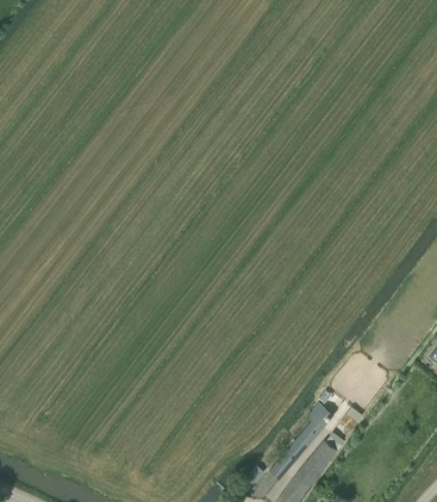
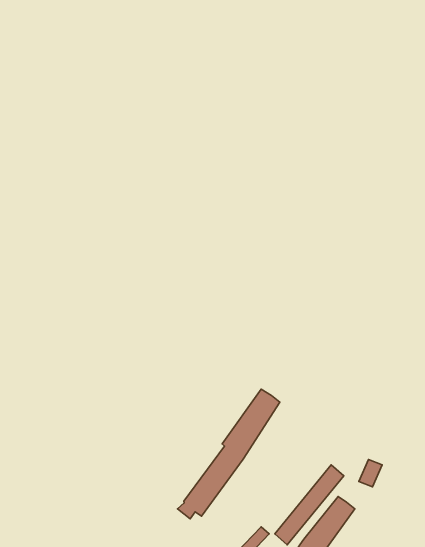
building: none -> [177,389,280,519]

